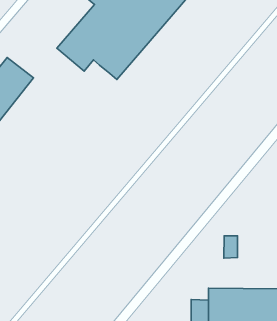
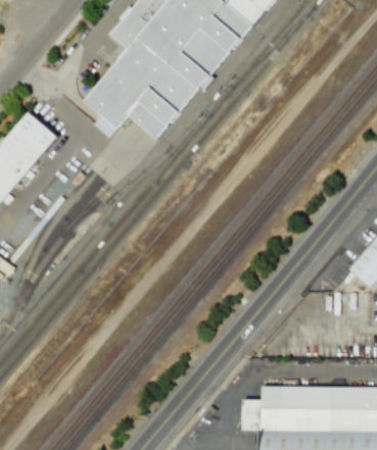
building: [224,236,238,258] -> none

